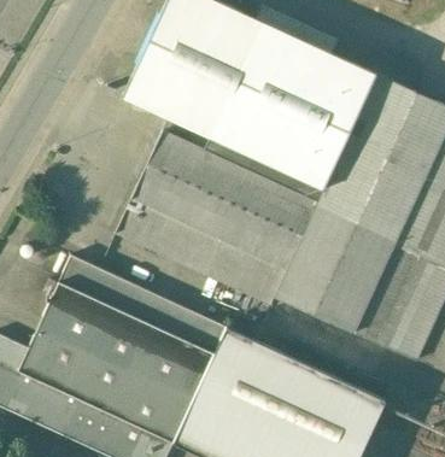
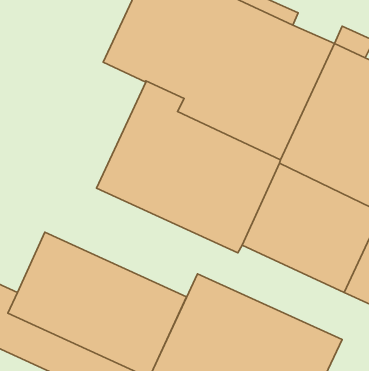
building: [59,256,227,353] -> none

